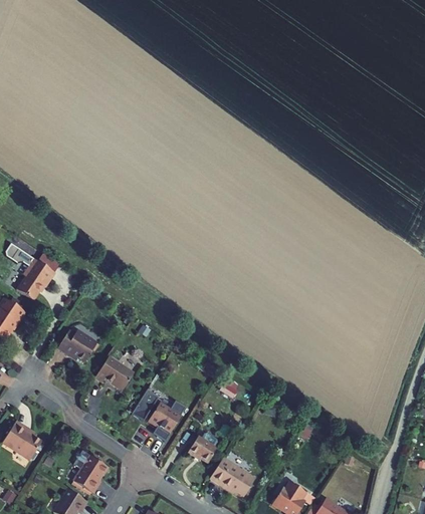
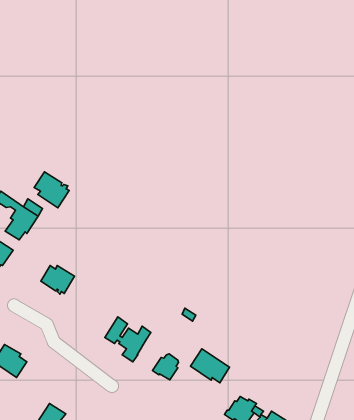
building: none -> [34,172,69,208]
building: [94,355,134,390] -> none
building: [73,450,108,492] -> none
building: [209,457,254,496] -> [190,349,229,383]

